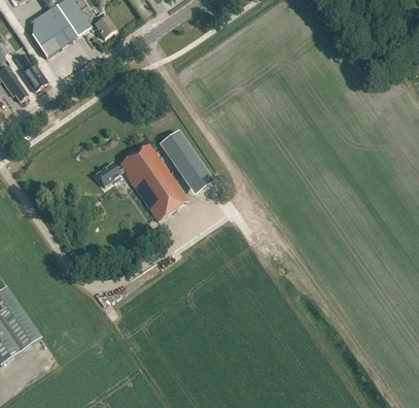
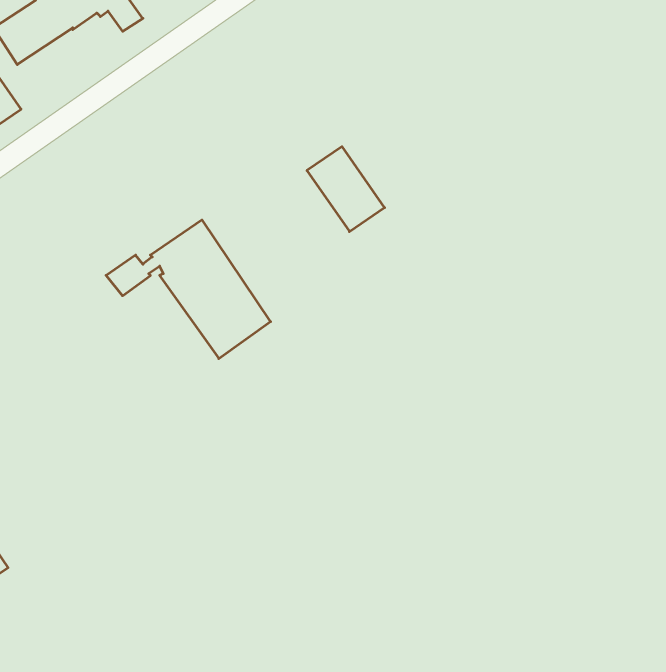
building: [162,134,205,181] -> [307,147,385,232]

